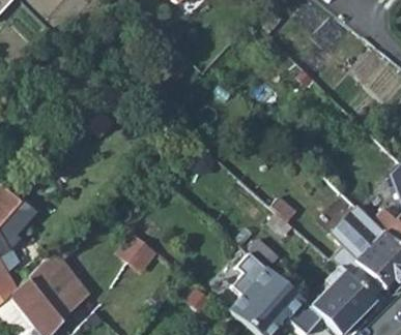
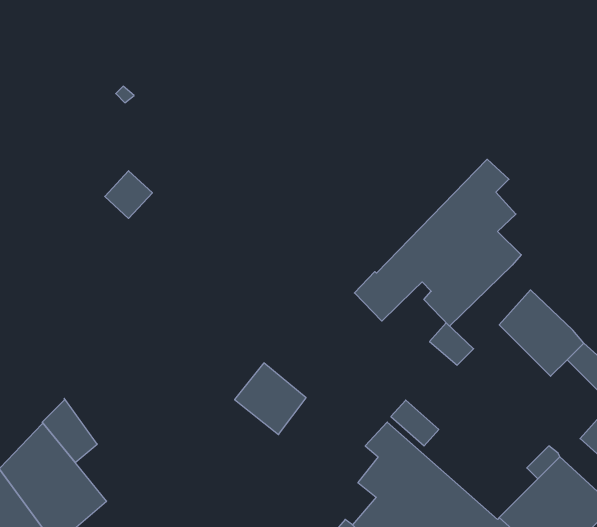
building: none -> [354,159,521,326]
building: [117,232,157,272] -> [235,363,306,435]

